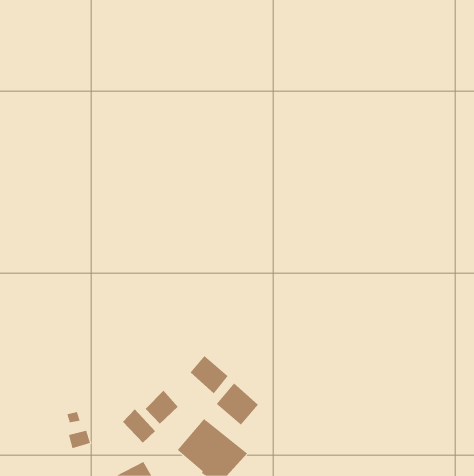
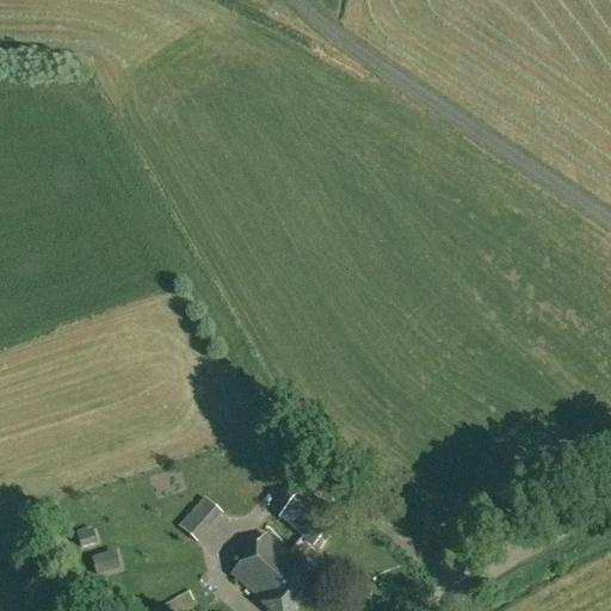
building: [190,355,228,394] -> none
building: [122,408,156,444] -> none

